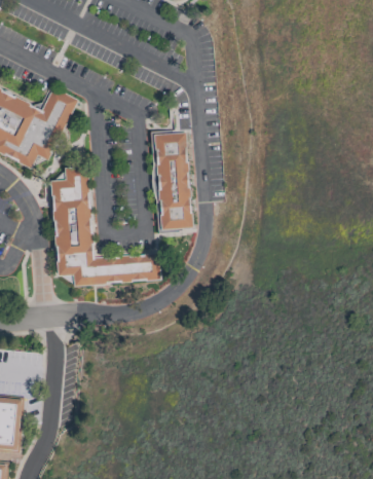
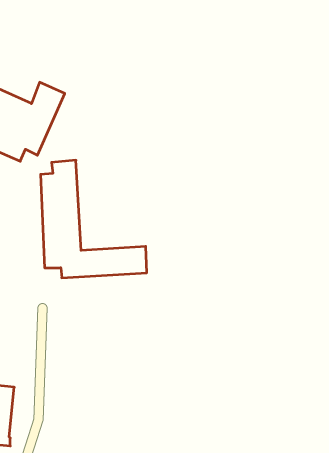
building: [154,133,191,229] -> none

